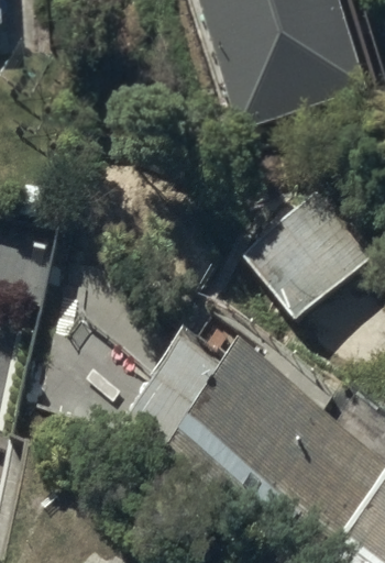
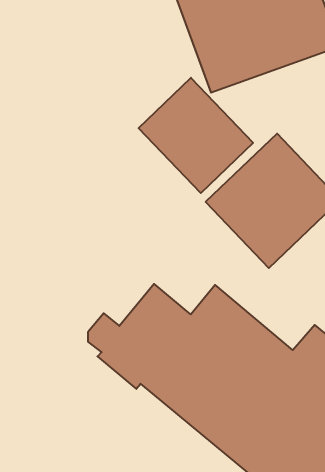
building: none -> [139,78,253,193]

